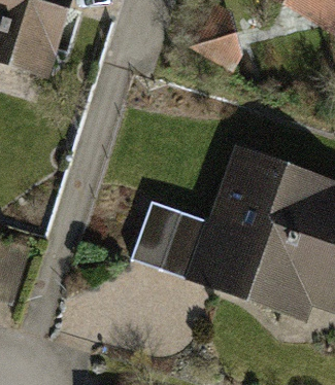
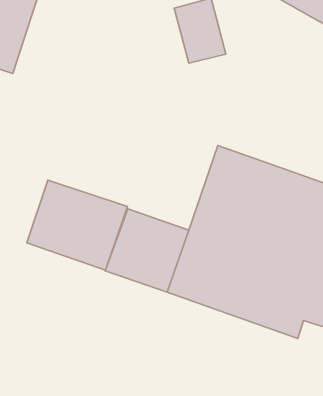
building: none -> [27,180,127,270]

